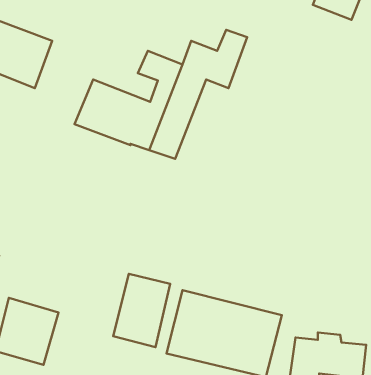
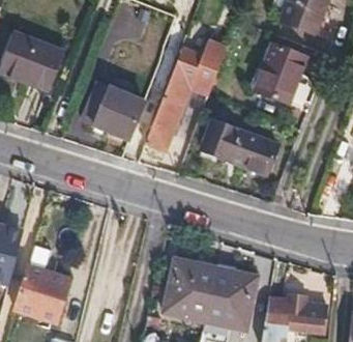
building: none -> [256,46,306,104]
building: none -> [202,120,277,175]
building: [113,274,170,347] -> none

